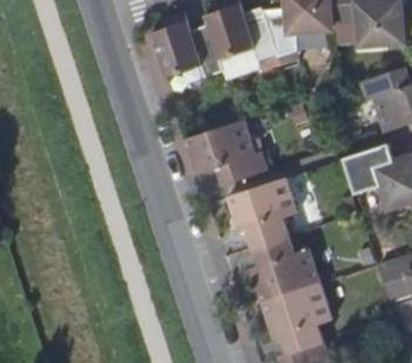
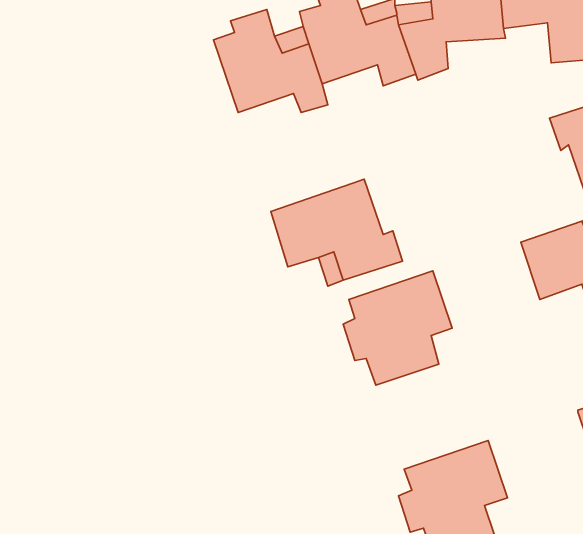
building: [249,235,322,300] -> none

